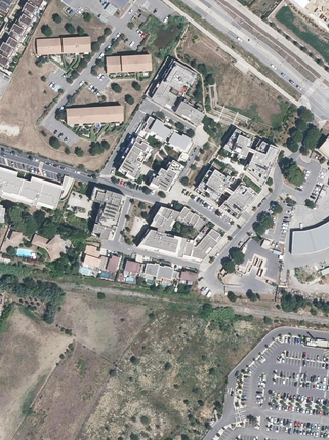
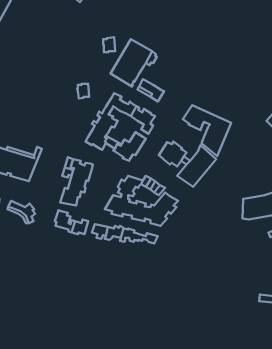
building: [36,36,90,54] -> none
building: [105,56,134,73] -> none
building: [65,107,107,124] -> none

